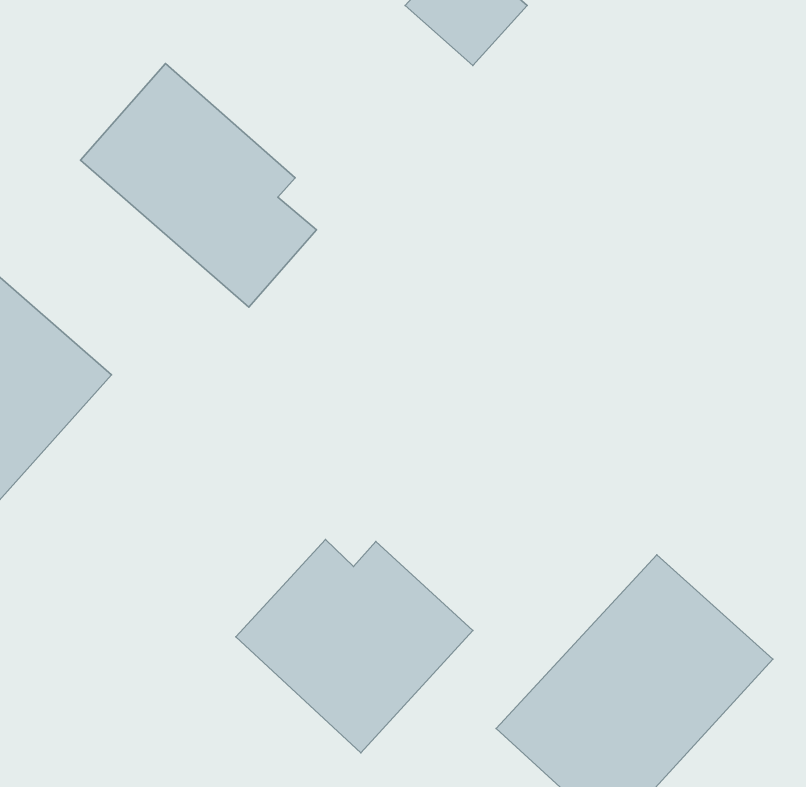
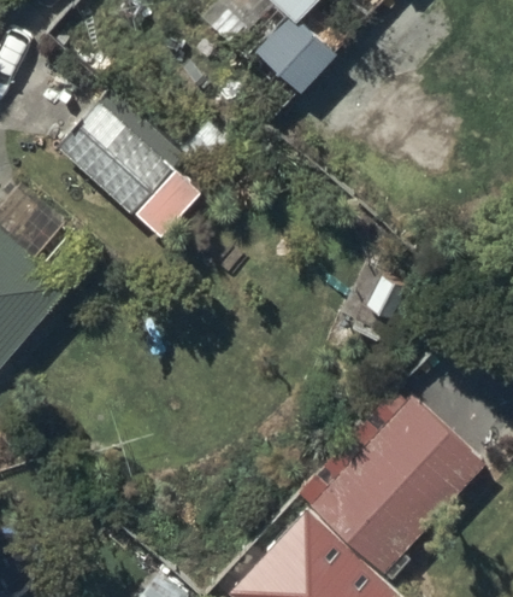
building: [236,539,473,753] -> none

